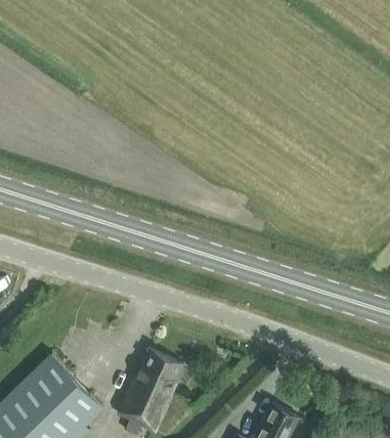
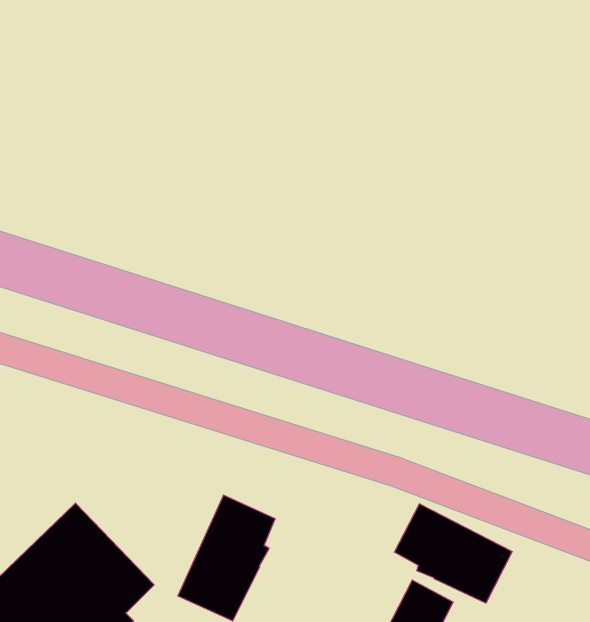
building: none -> [395,504,512,603]

